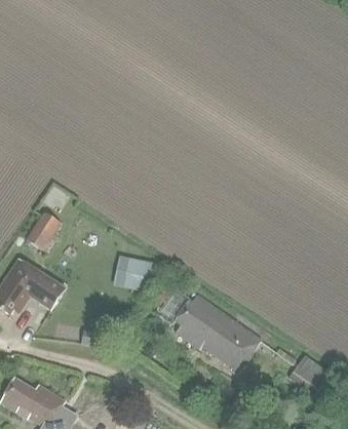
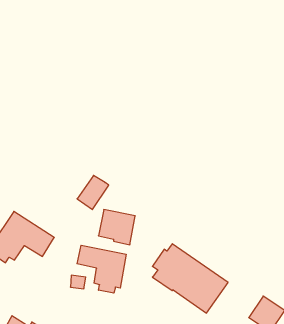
building: [26,211,62,250] -> [77,175,109,210]
building: none -> [77,245,126,293]

